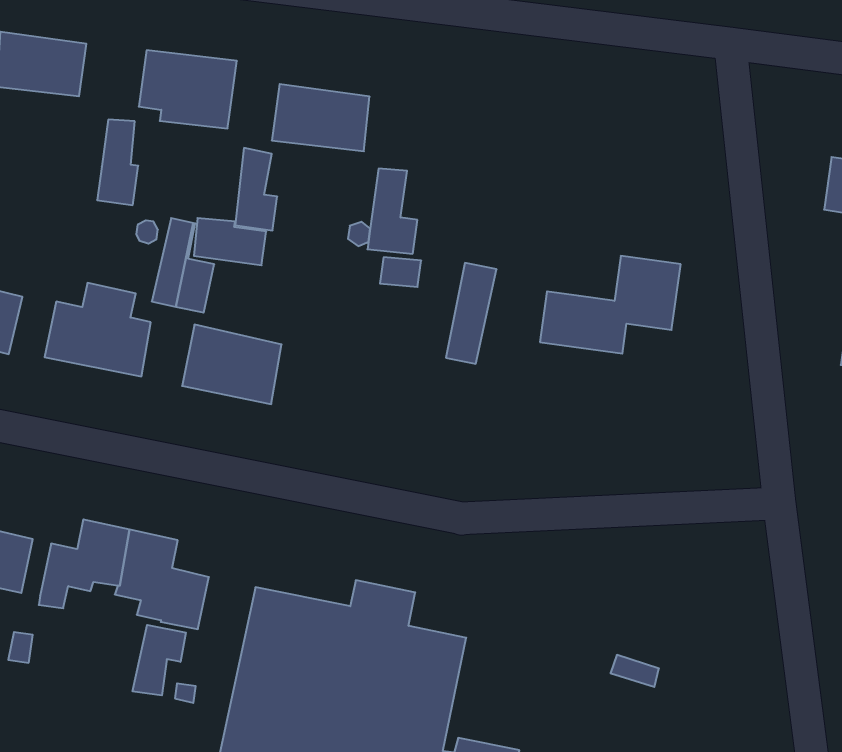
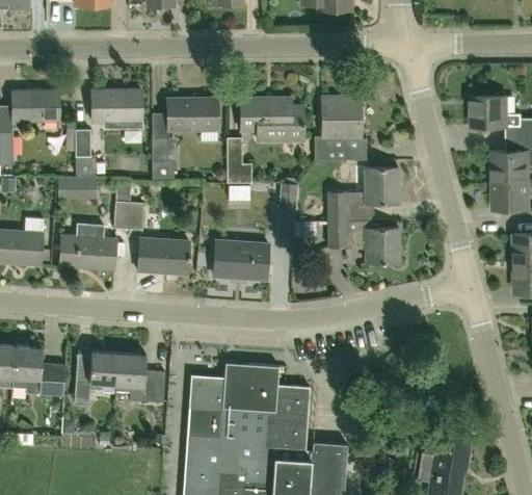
building: none -> [241,97,302,140]
building: none -> [315,97,362,159]
building: [194,218,266,265] -> [58,176,97,198]
building: none -> [327,219,398,262]
building: none -> [212,239,267,280]
building: [133,625,186,695] -> none

